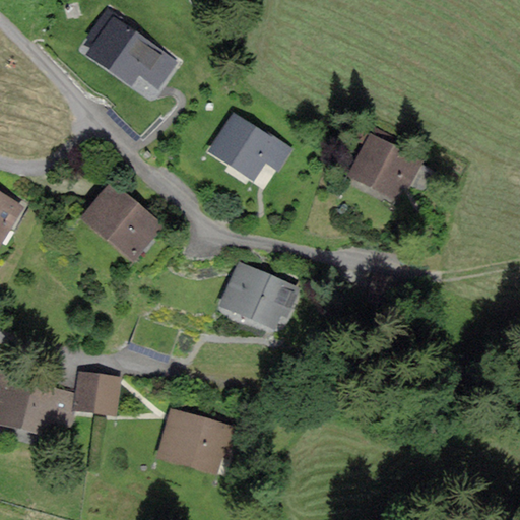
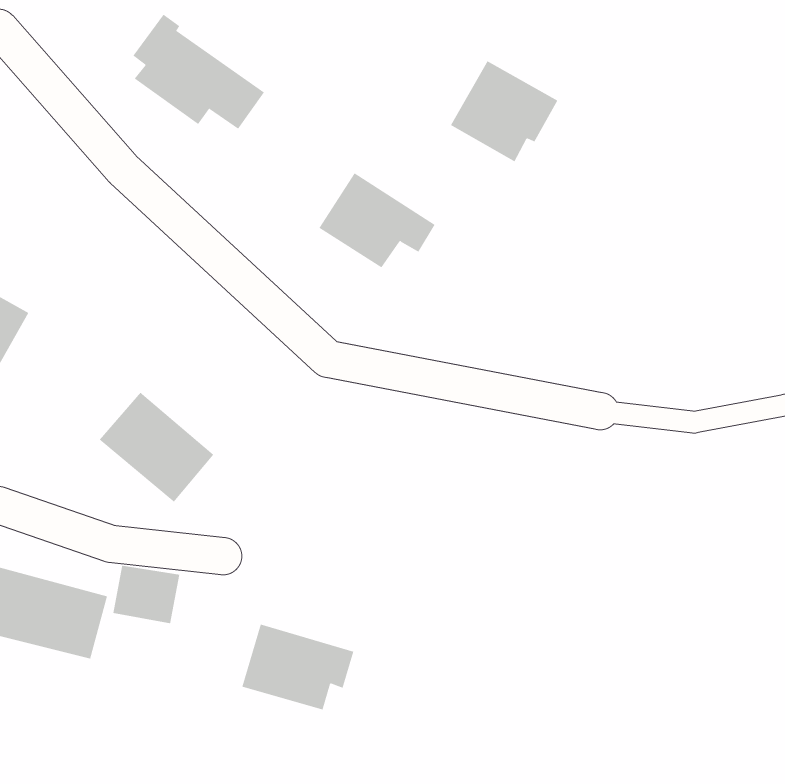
building: [350,132,421,199] -> [450,60,558,162]
building: [83,186,159,259] -> [99,392,214,503]
building: [222,267,295,327] -> none

